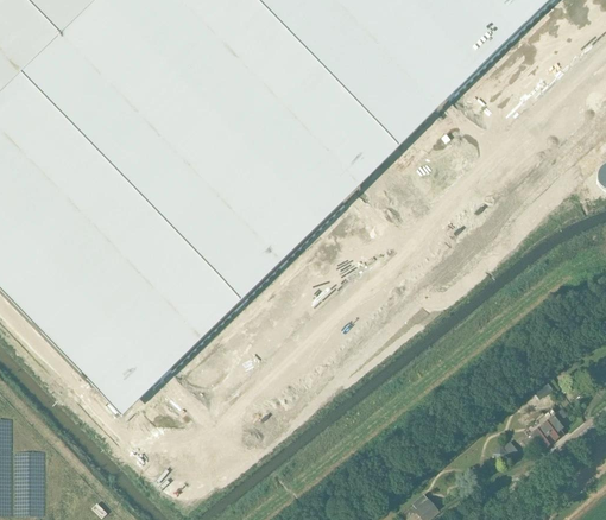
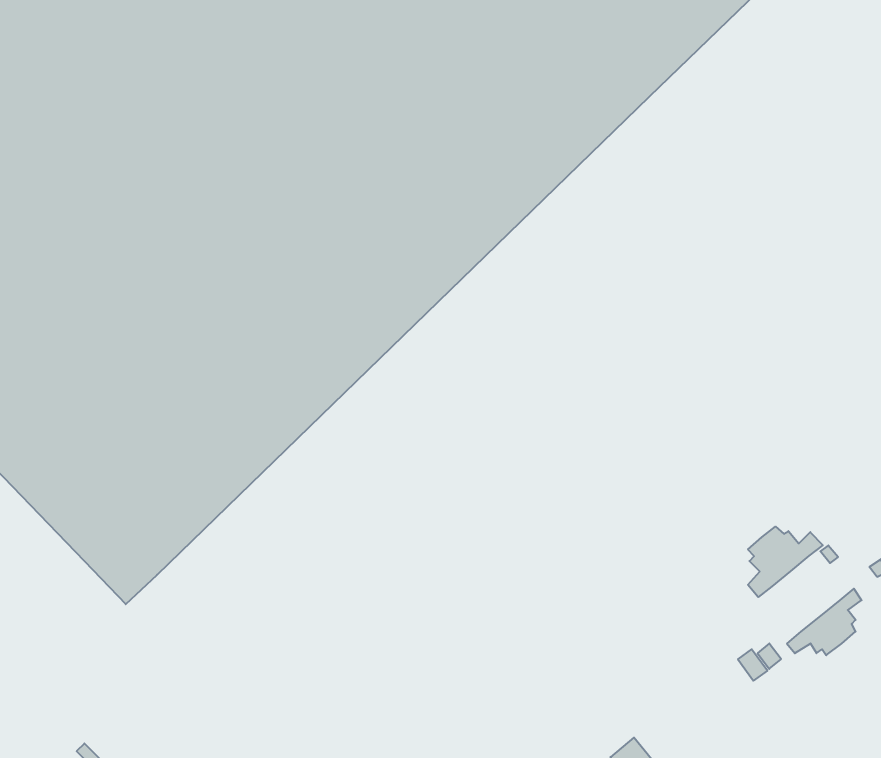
building: none -> [748,527,823,597]

